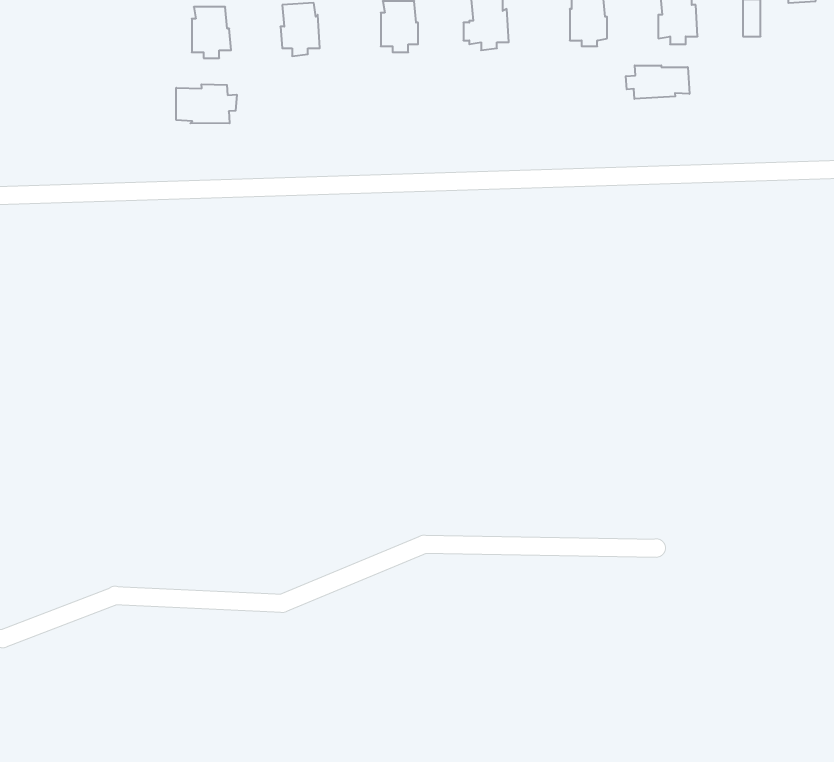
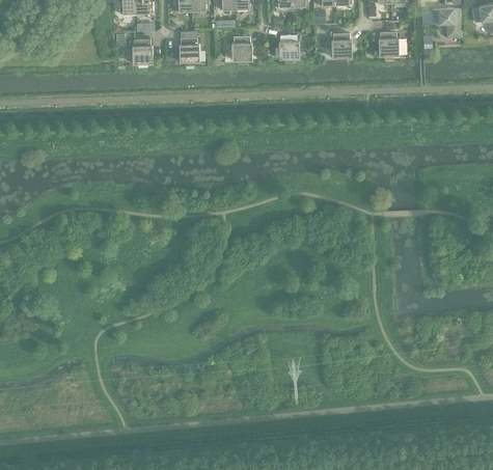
building: [626,65,689,99] -> none
building: [176,84,237,123] -> none

